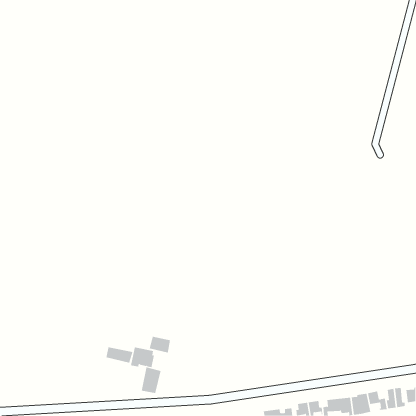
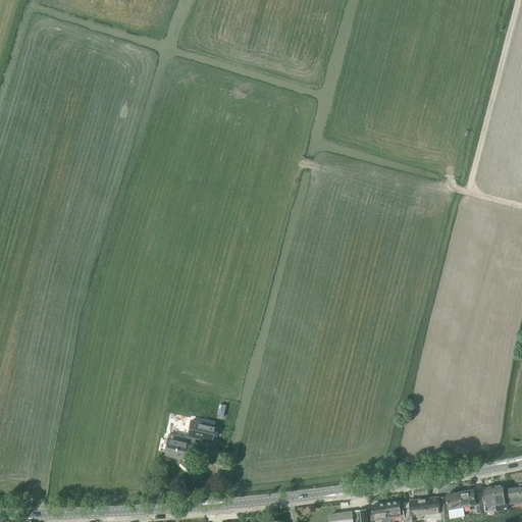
building: [106,346,133,363] -> none
building: [141,366,161,394] -> none

